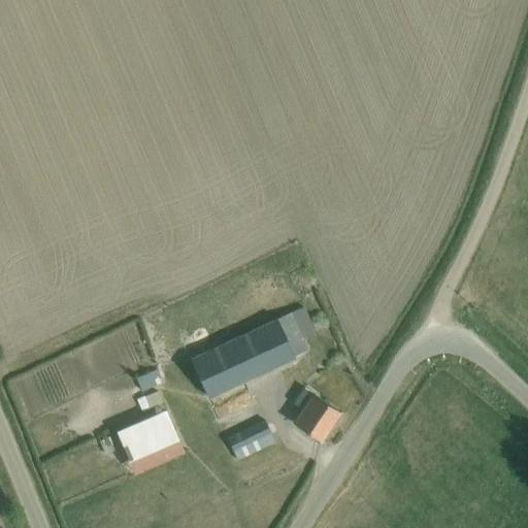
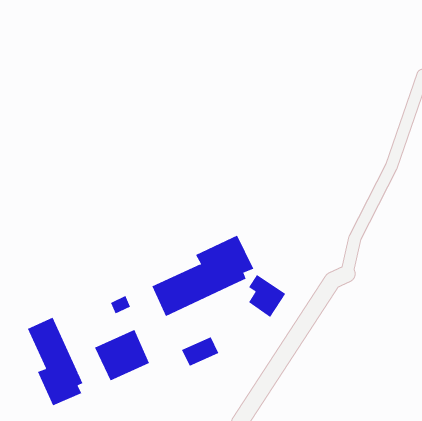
building: [294,389,341,443] -> [248,274,286,318]
building: none -> [27,317,83,406]

